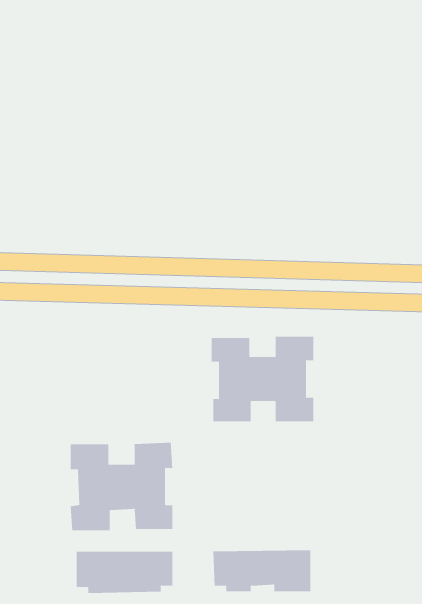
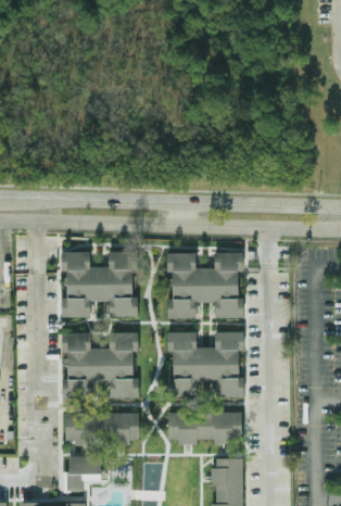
building: none -> [62,251,138,317]
building: none -> [168,332,245,397]

